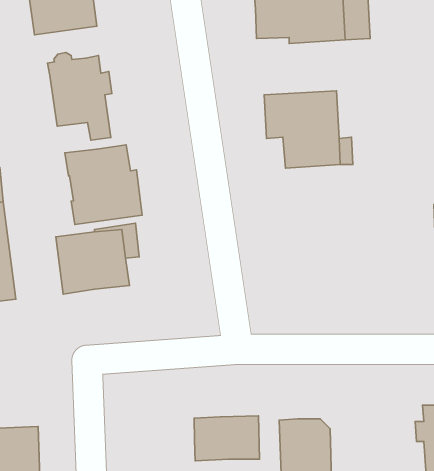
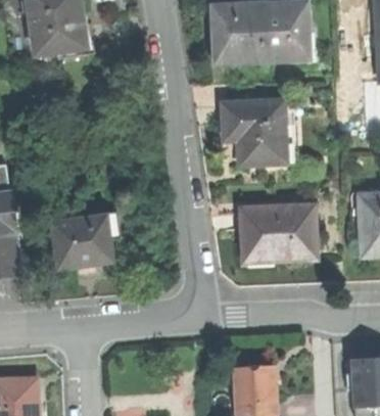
building: [48,52,112,140] -> none
building: [65,145,142,224] -> none
building: none -> [241,203,315,258]
building: [194,416,260,461] -> none

